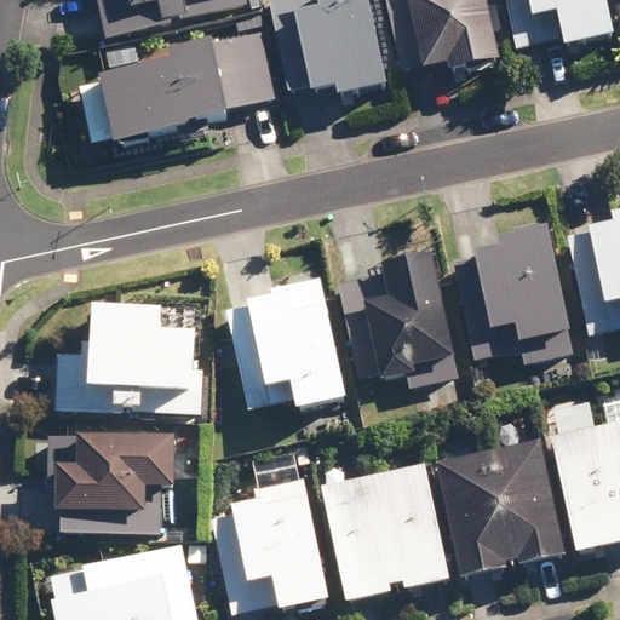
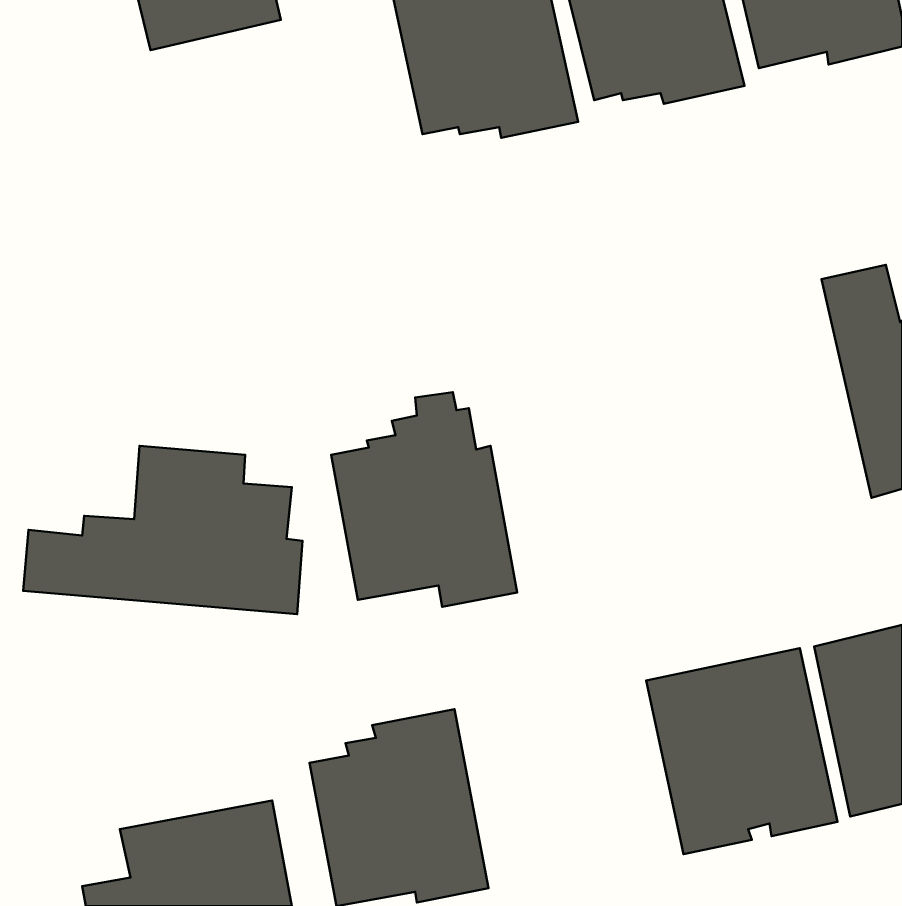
building: [97,30,272,138] -> none
building: [454,228,574,364] -> none
building: [335,253,457,381] -> none
building: [47,430,176,533] -> none
building: [322,465,452,603] -> none

